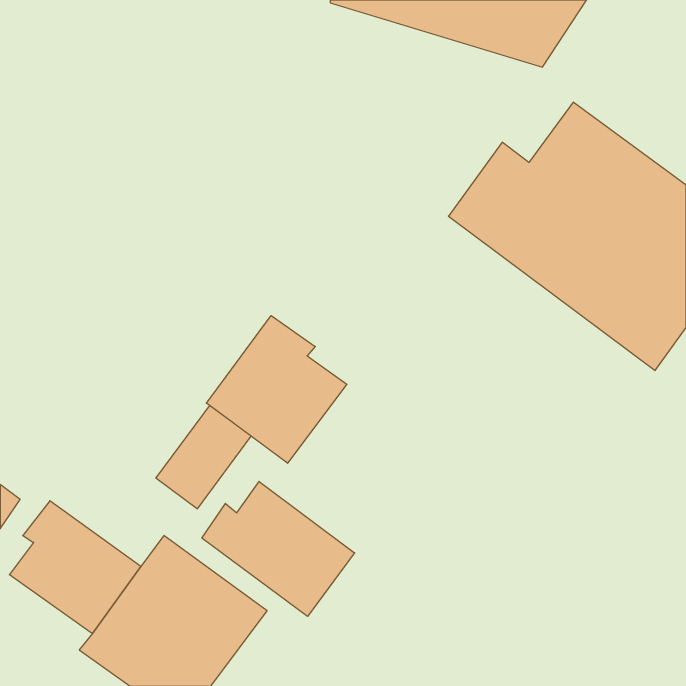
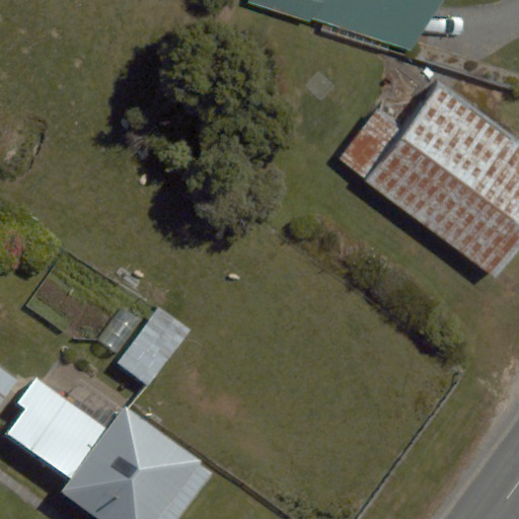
building: [206,316,347,463] -> none
building: [202,481,355,616] -> none

